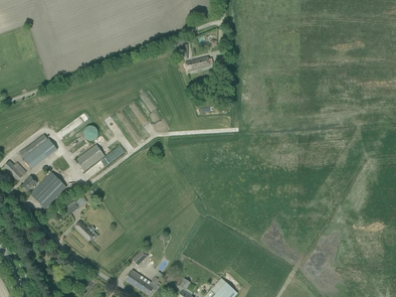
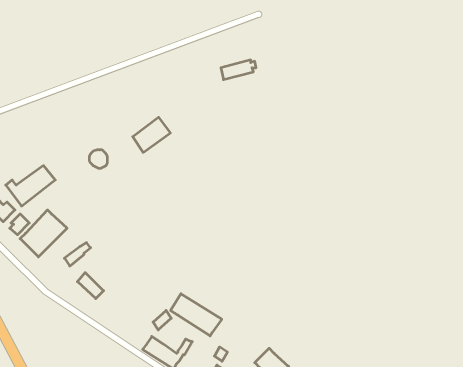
building: [75,143,105,170] -> [133,117,170,152]
building: none -> [171,294,222,336]

